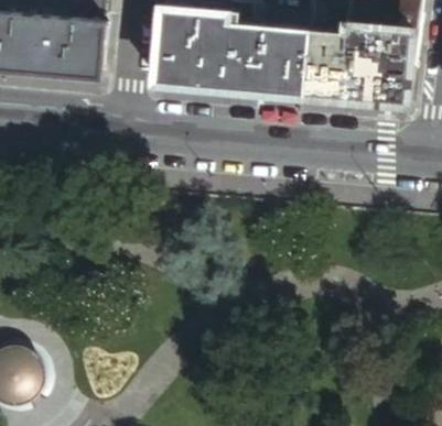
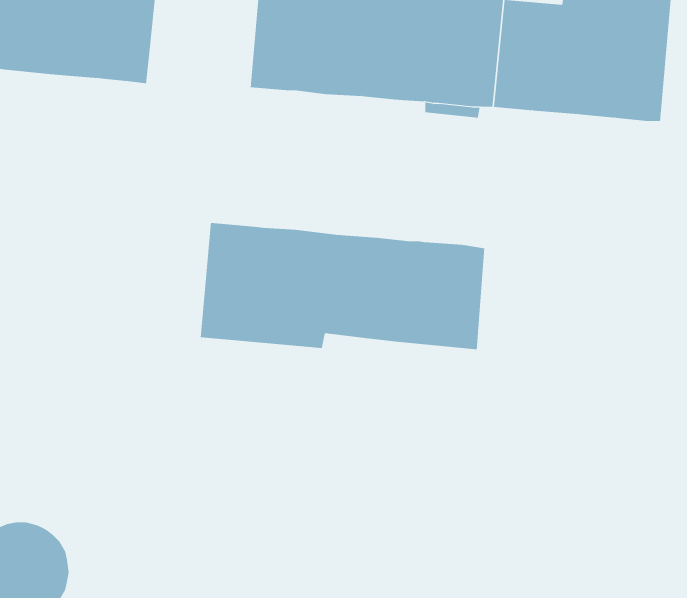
building: none -> [200,222,485,350]

